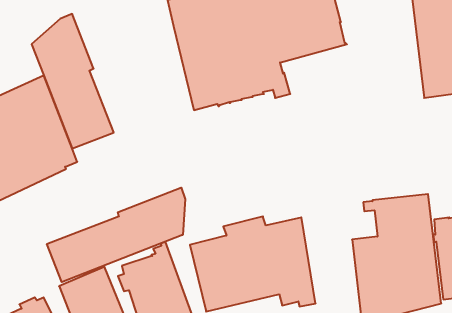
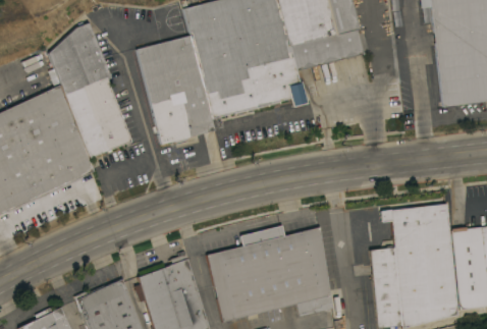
building: none -> [137,35,214,145]
building: [47,188,185,282] -> none

